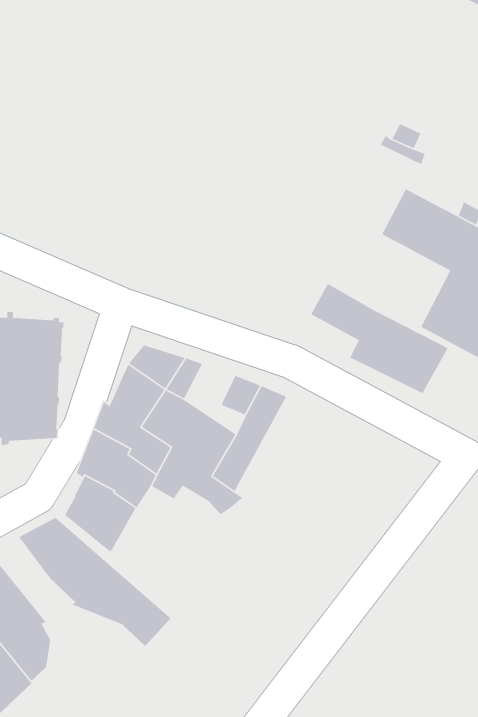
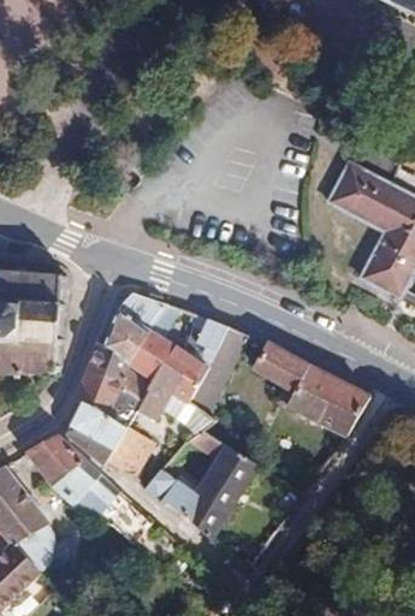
building: [310,283,449,394] -> [253,343,368,436]
building: none -> [105,427,154,476]
building: none -> [142,430,281,541]

